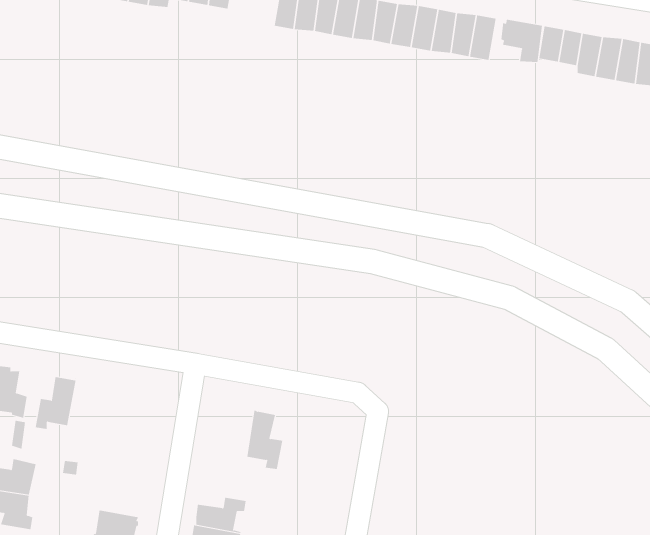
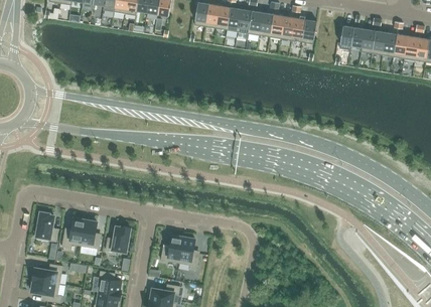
building: [501,19,543,63] -> none
building: none -> [80,219,100,249]
building: none -> [105,226,129,252]
building: none -> [160,236,182,263]
building: none -> [97,271,121,296]

